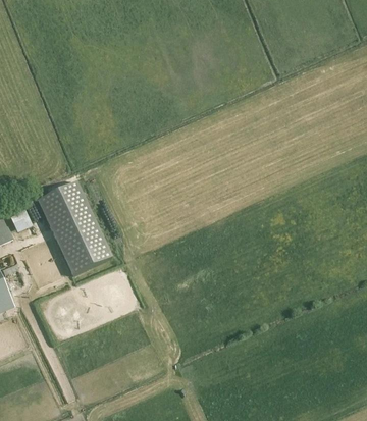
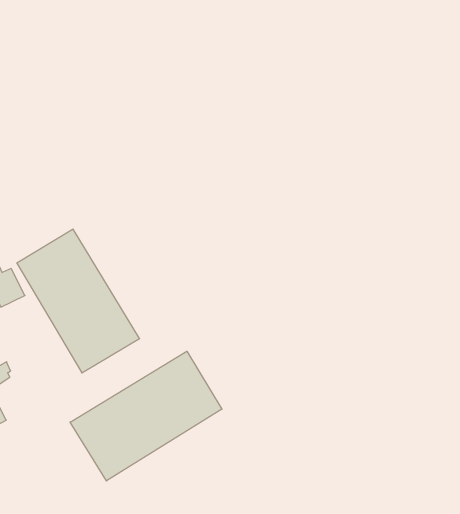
building: none -> [70,351,222,481]

